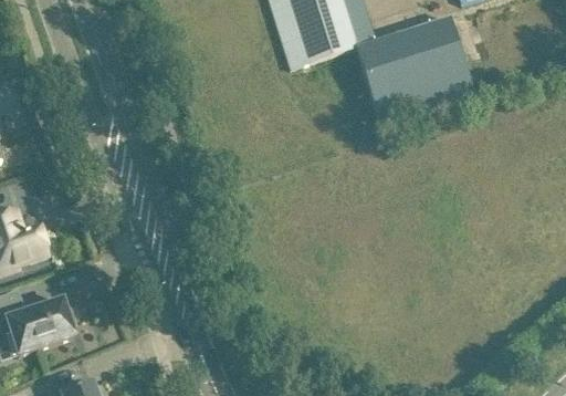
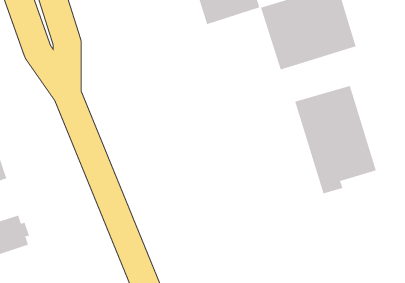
building: none -> [295,85,377,194]

